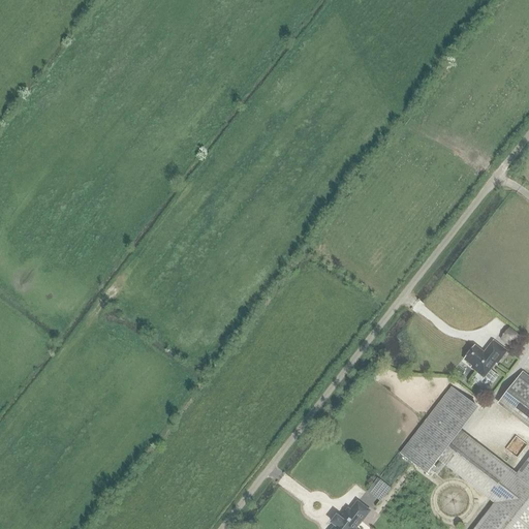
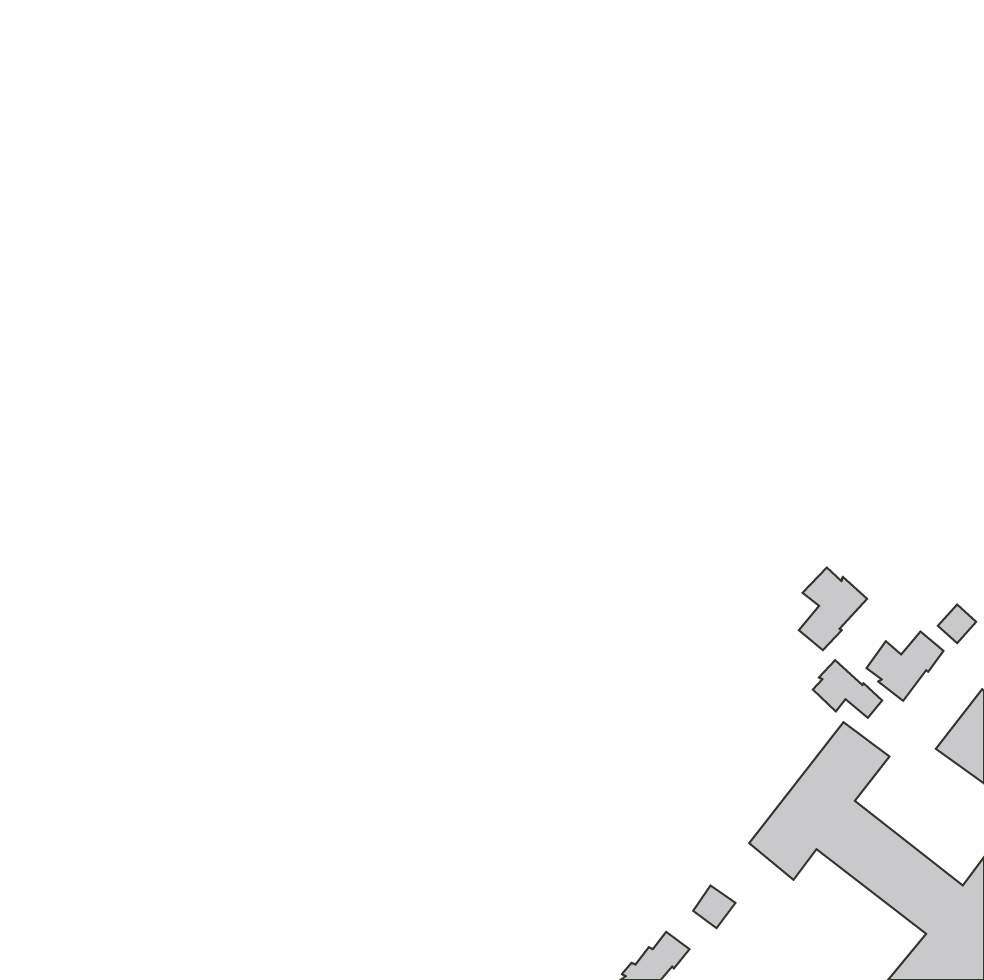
building: none -> [799,568,867,650]
building: none -> [813,660,882,718]

